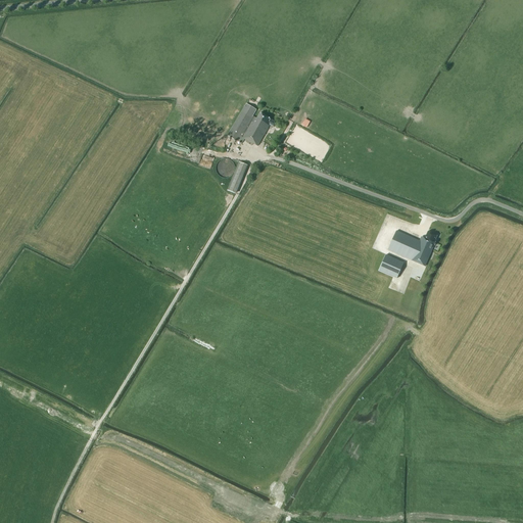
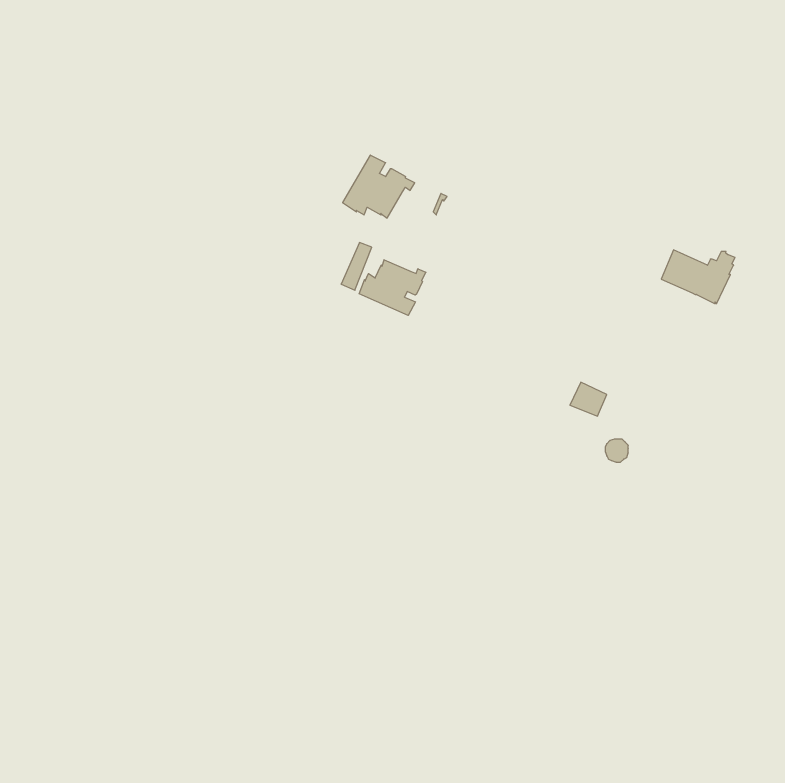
building: none -> [359,260,426,315]
building: [388,230,437,266] -> [661,250,735,304]

